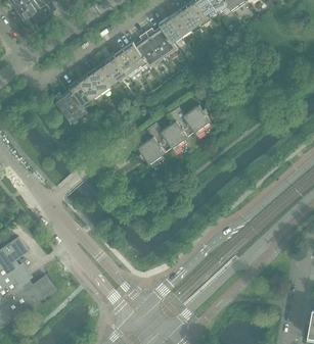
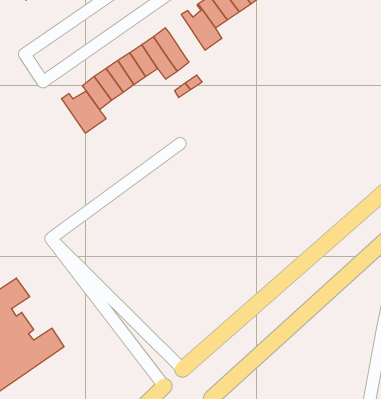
building: [136,34,164,69] -> none
building: [137,105,210,168] -> none

